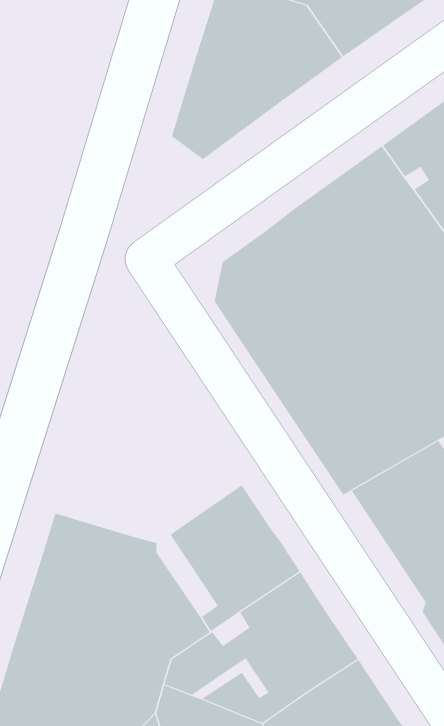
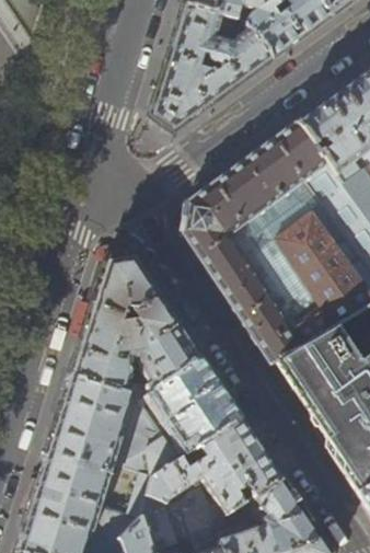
building: none -> [71,257,201,393]

